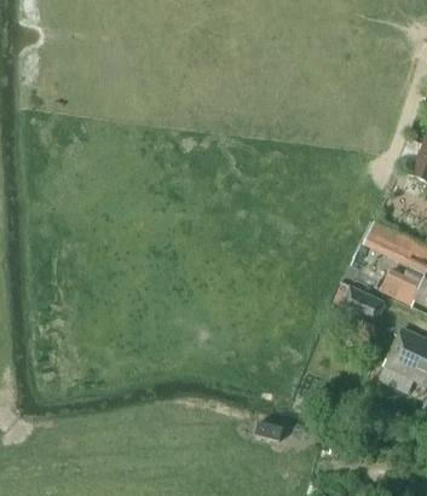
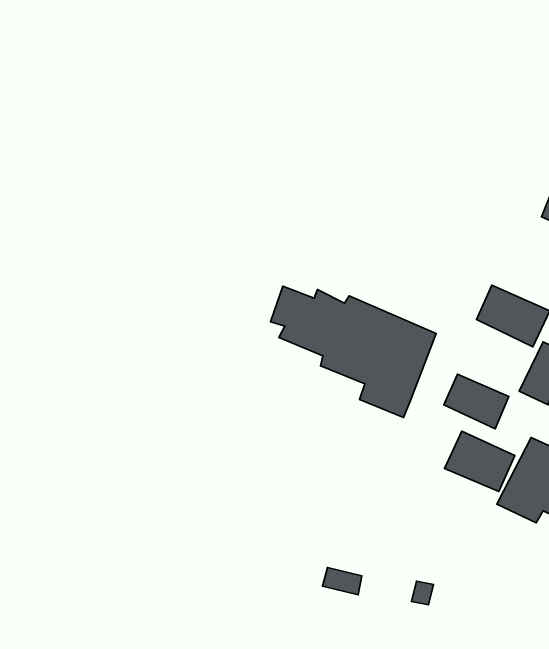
building: none -> [271,286,436,418]
building: none -> [444,431,515,491]

